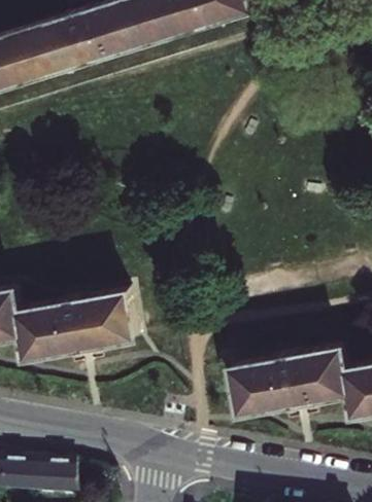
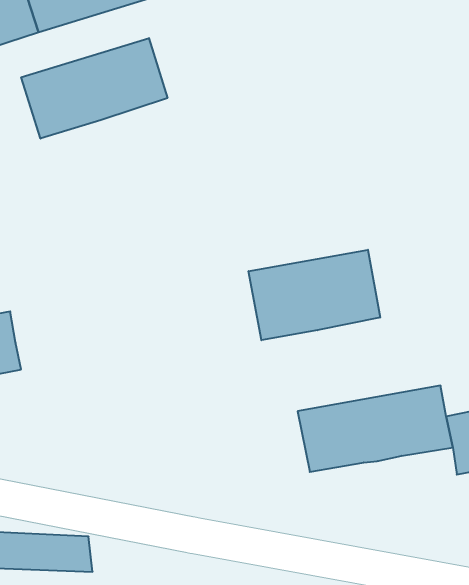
building: none -> [21,38,167,139]
building: none -> [249,250,380,340]
building: [14,293,134,359] -> none

